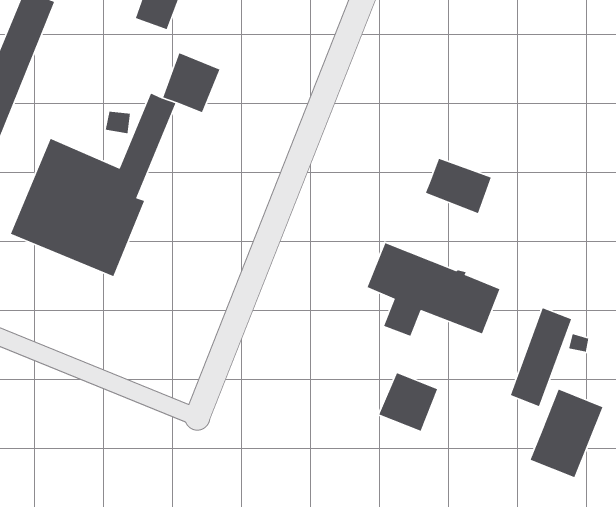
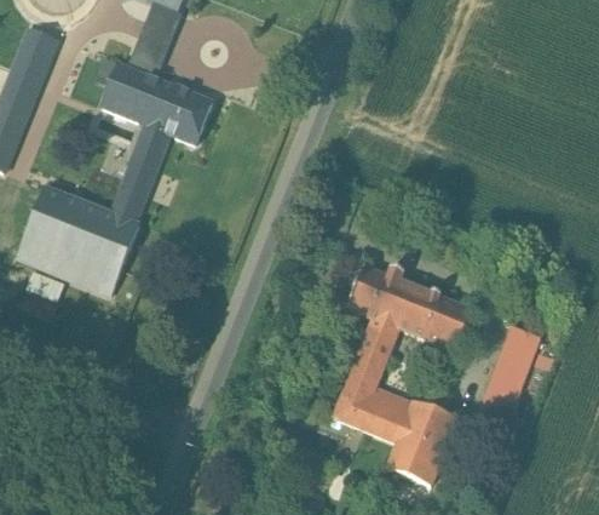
building: none -> [102,65,173,130]
building: [425,158,492,214] -> none
building: none -> [334,343,388,425]
building: [529,388,604,478] -> [387,401,456,485]

